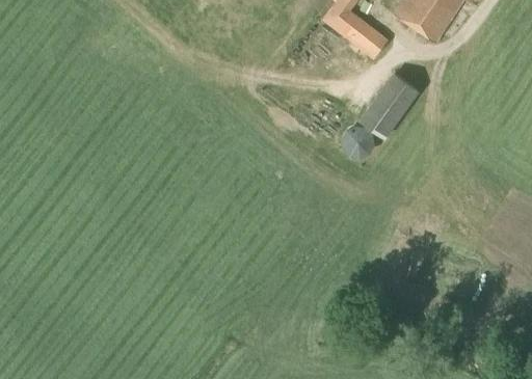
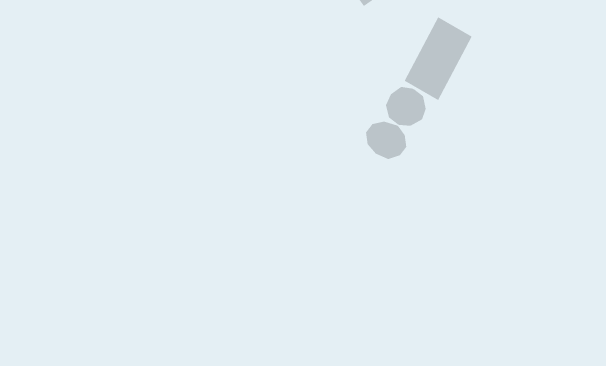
building: none -> [365,121,407,160]

